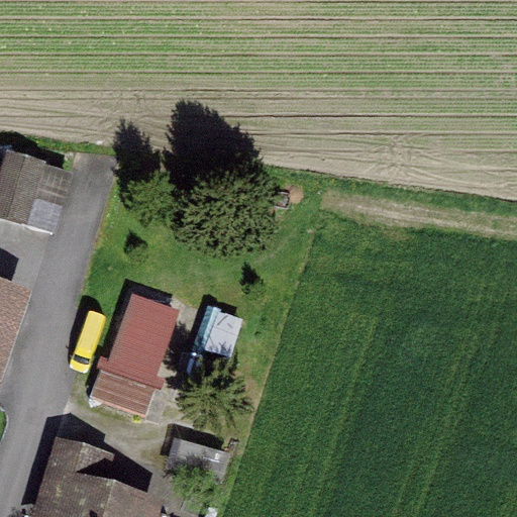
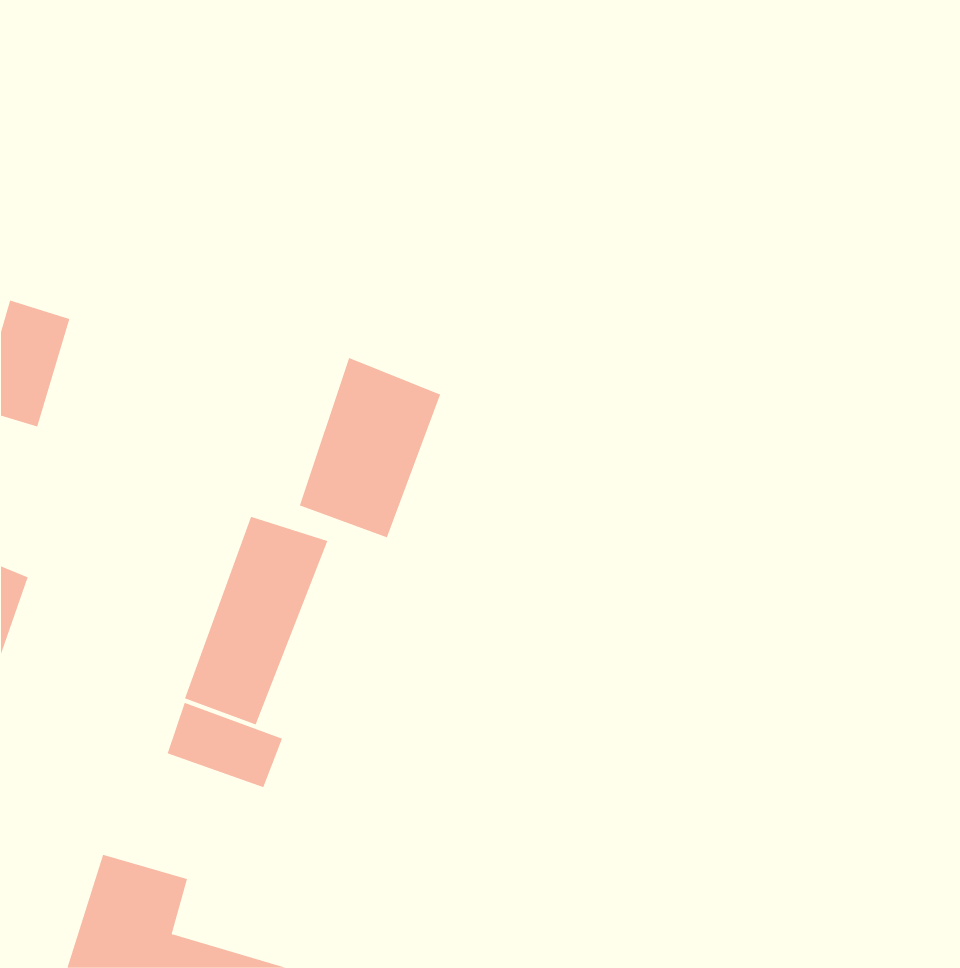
building: none -> [299,357,441,538]

